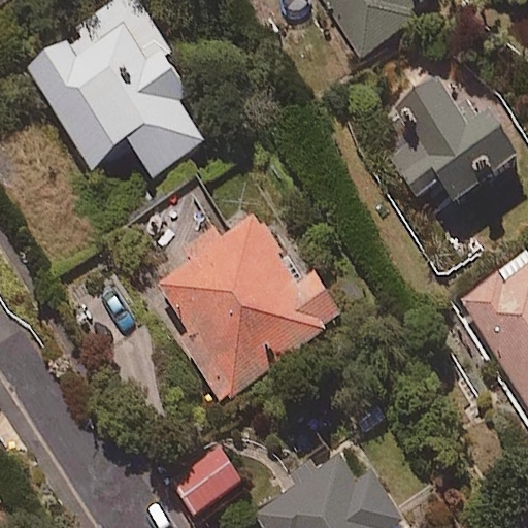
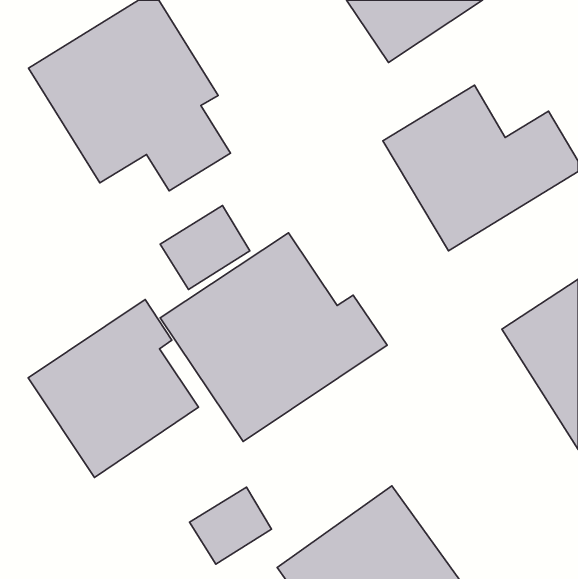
building: none -> [28,299,198,477]

